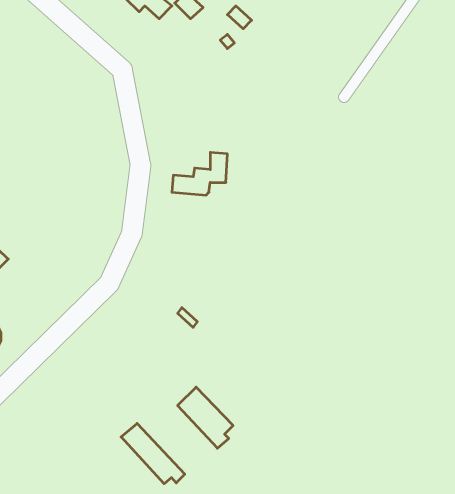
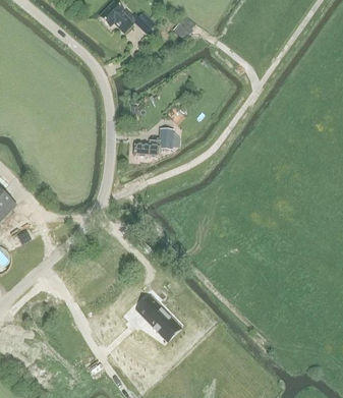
building: [121,423,185,484] -> none

